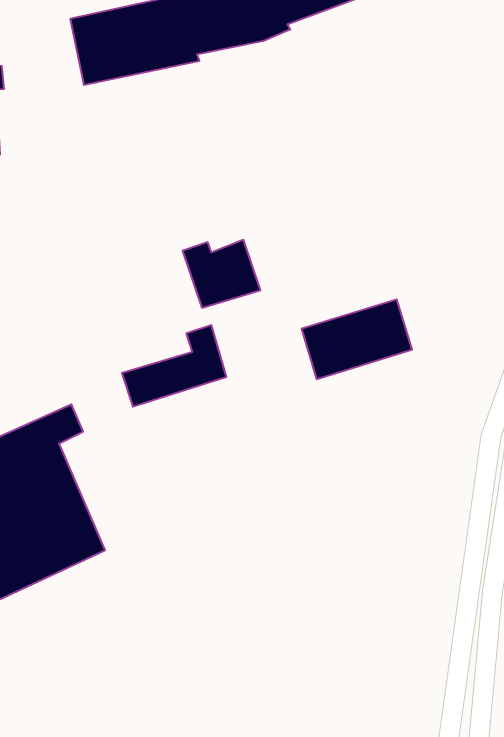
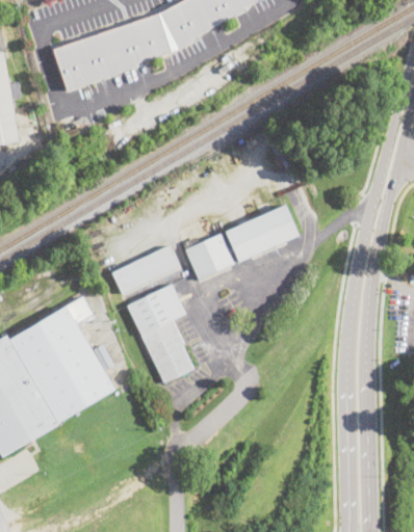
building: [183,240,260,308] -> [181,232,234,278]
building: none -> [126,284,193,382]

